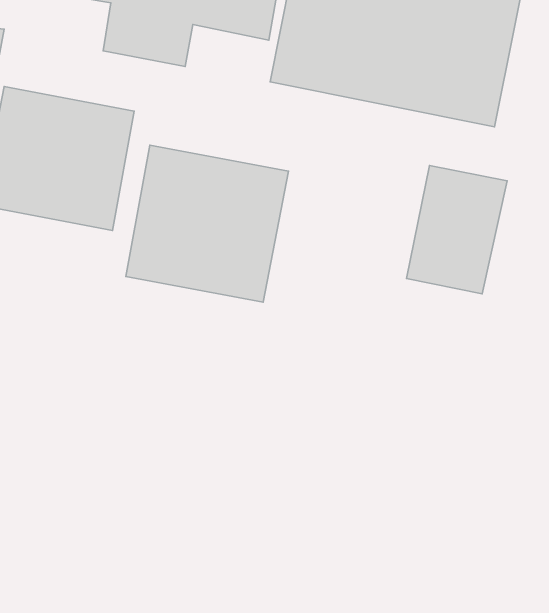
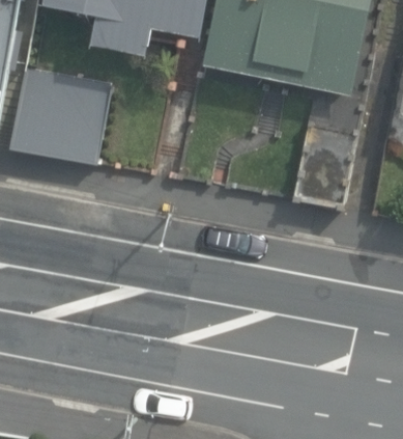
building: [126,145,289,302] -> none

